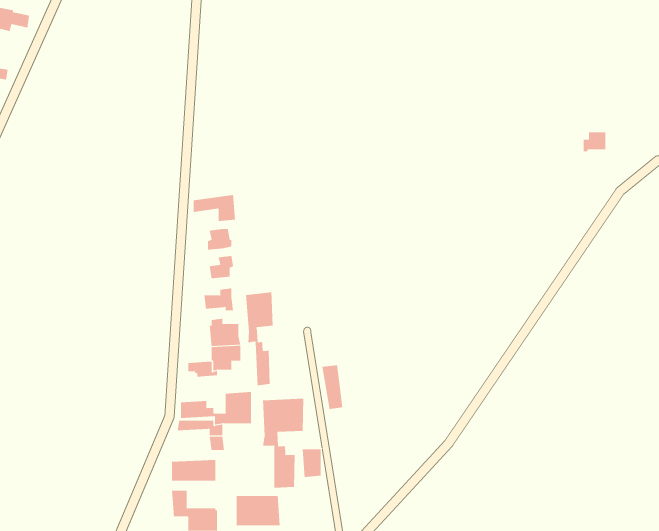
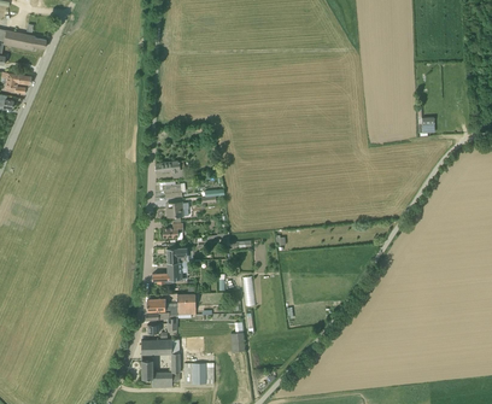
building: [246,291,273,386] -> none
building: [262,398,304,489] -> none

